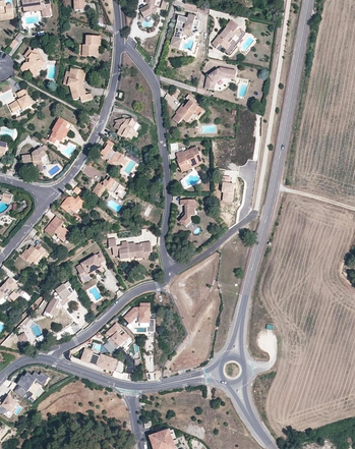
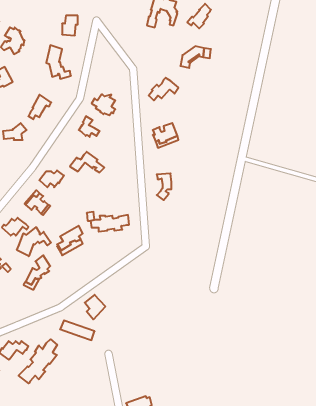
building: none -> [17,227,51,256]
building: [123,303,154,332] -> none
building: none -> [19,339,57,383]

